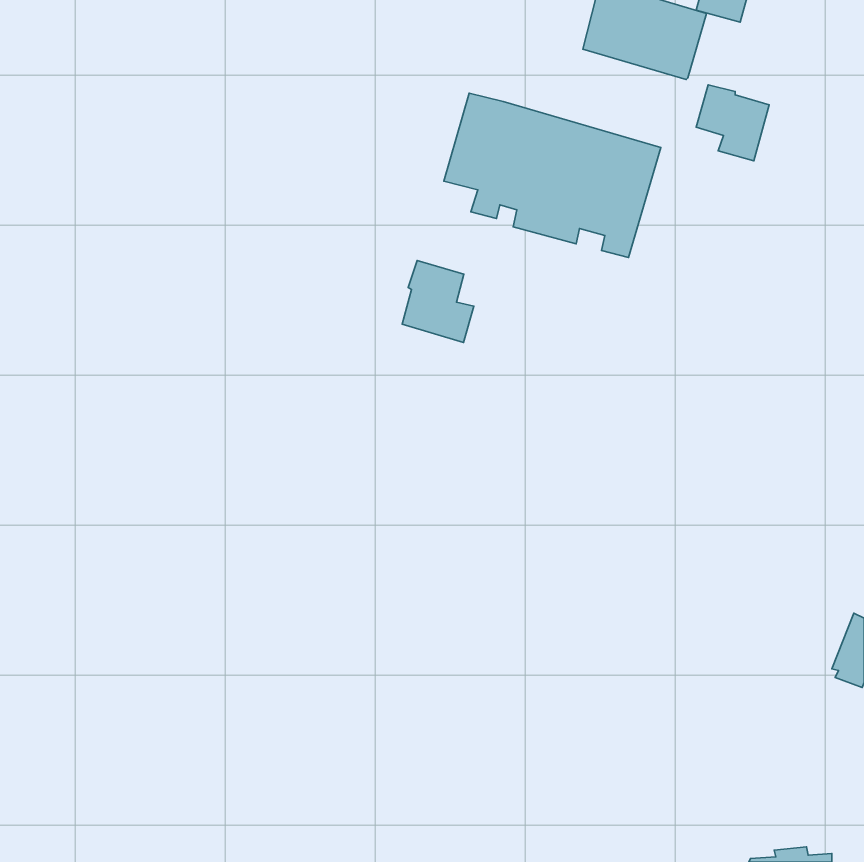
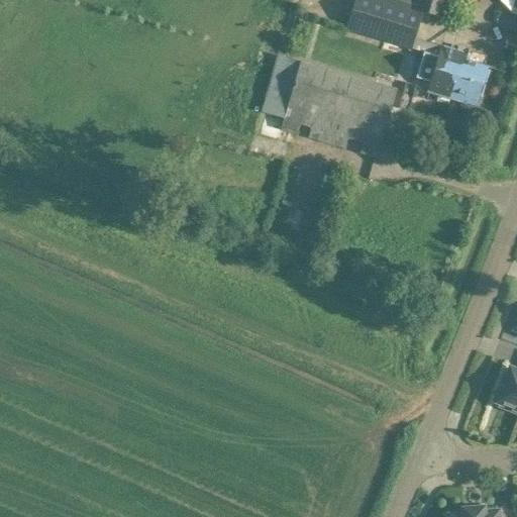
building: none -> [438,44,486,103]
building: [402,261,474,343] -> none

